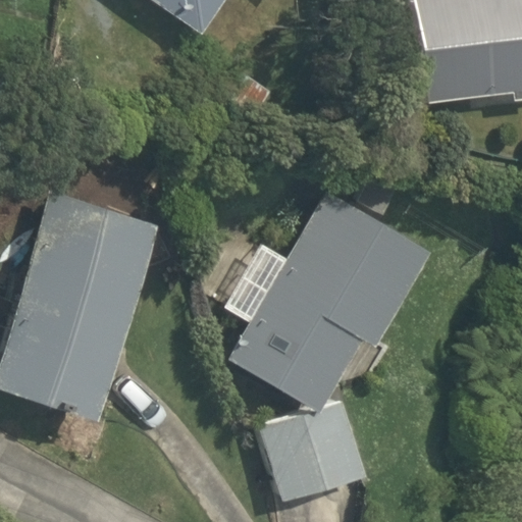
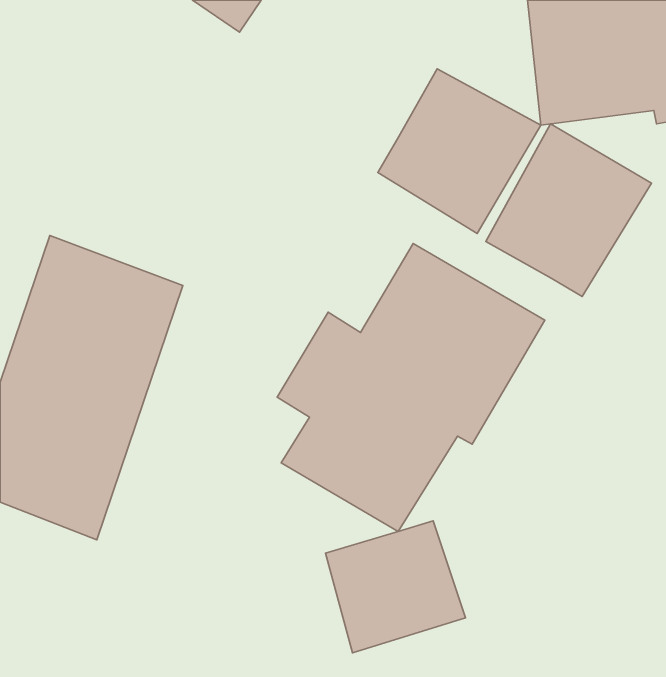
building: none -> [378,69,541,234]
building: none -> [486,124,651,297]

